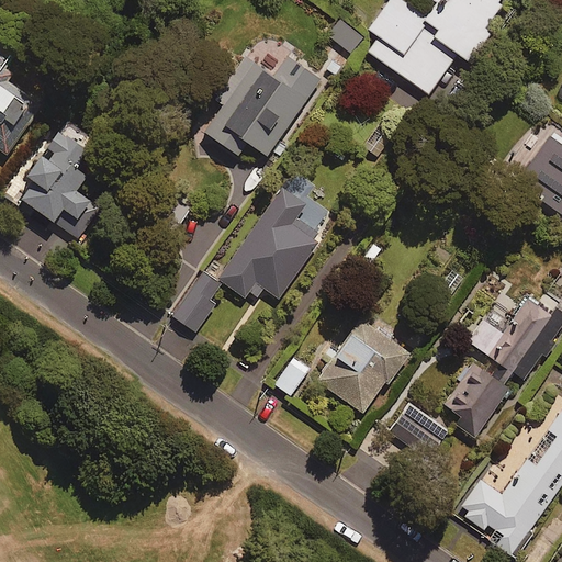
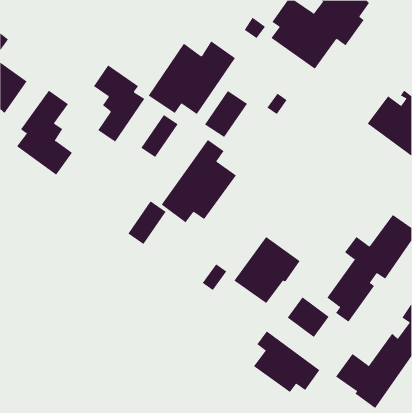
building: none -> [93,65,145,142]
building: none -> [204,90,248,138]
building: none -> [141,114,179,158]
building: none -> [253,331,320,393]

